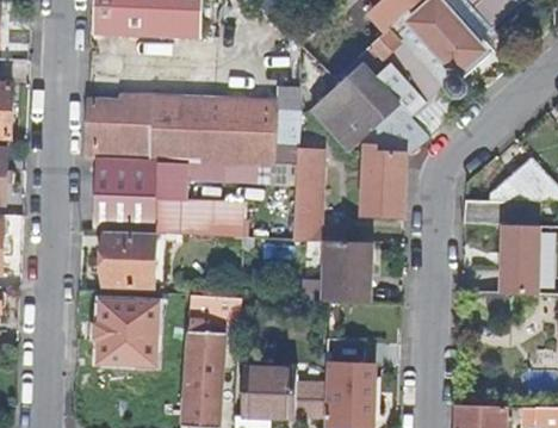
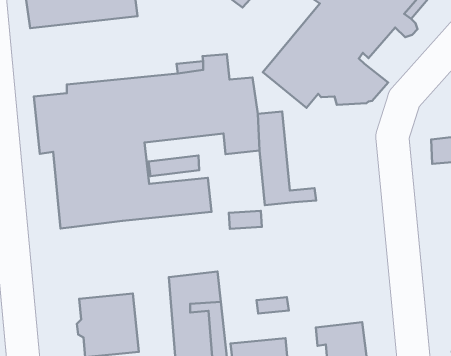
building: [360,142,407,215] -> none
building: [104,232,155,287] -> none
building: [304,240,373,300] -> none

